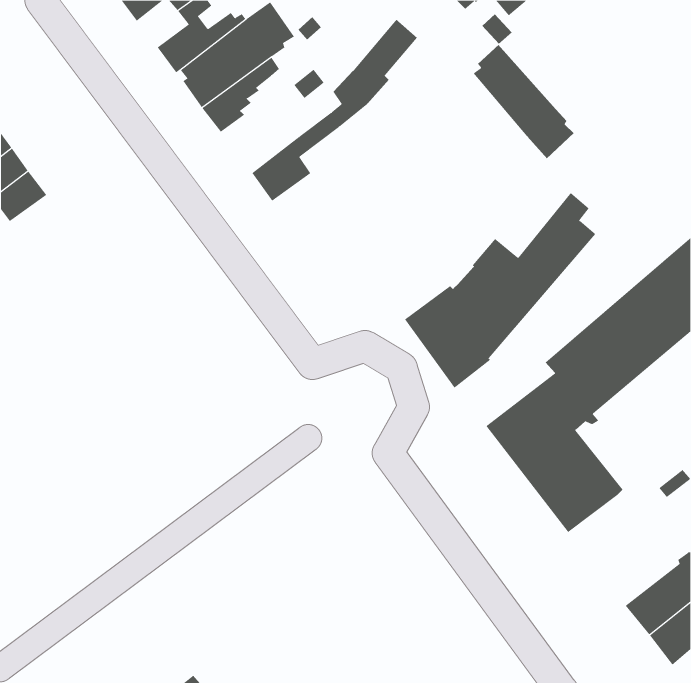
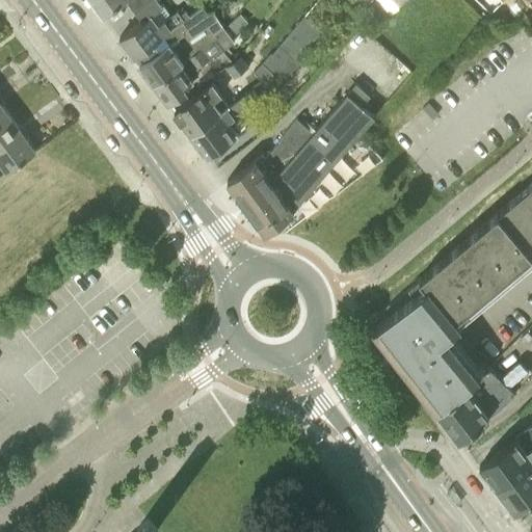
building: [473,44,574,159] -> none
building: none -> [176,87,230,139]
building: [404,192,596,388] -> [228,88,375,239]
building: none -> [436,373,512,445]

